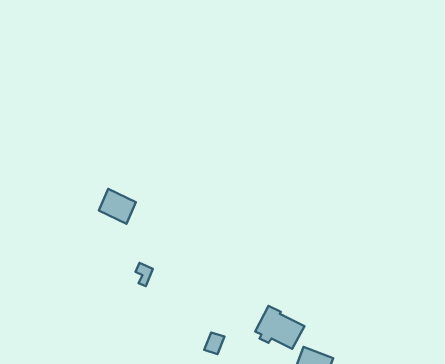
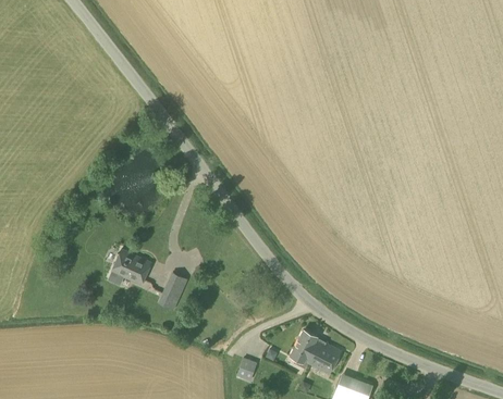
building: [99,189,136,224] -> [111,249,150,286]

